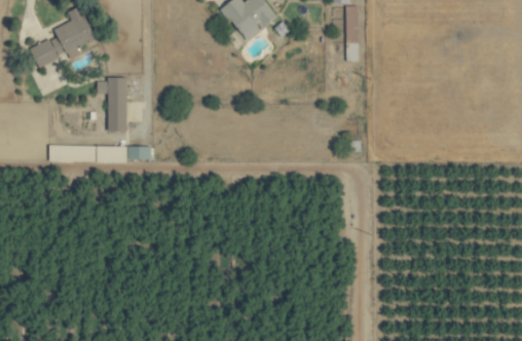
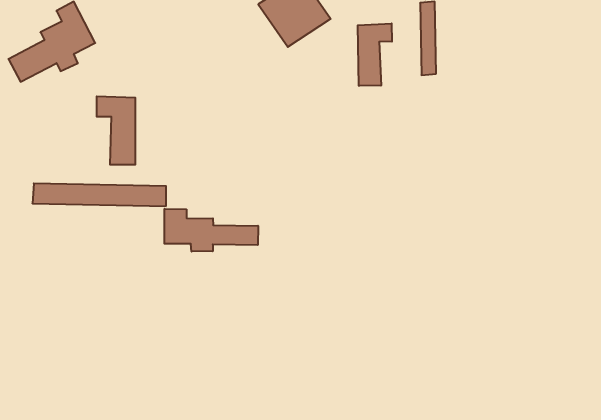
building: none -> [358,23,392,86]
building: none -> [164,209,258,252]

